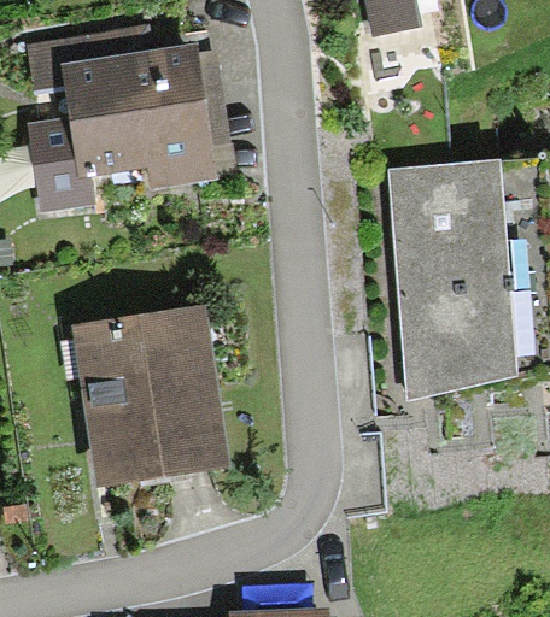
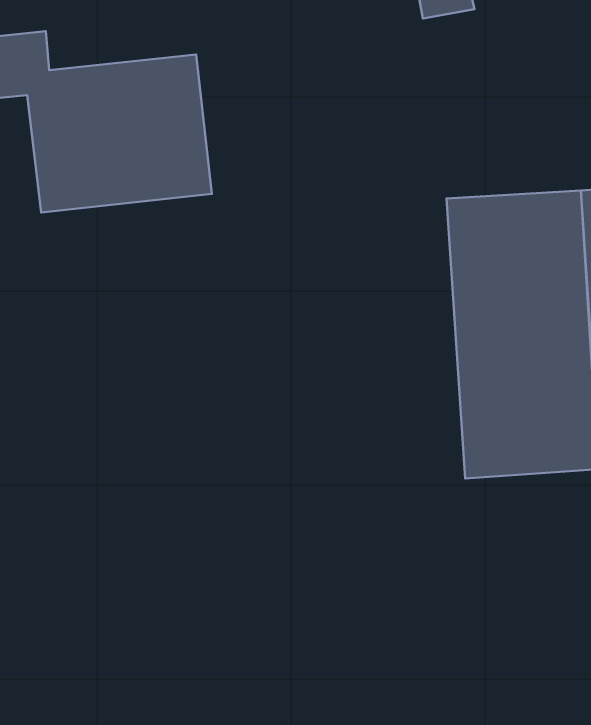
building: [78,311,229,490] -> none

